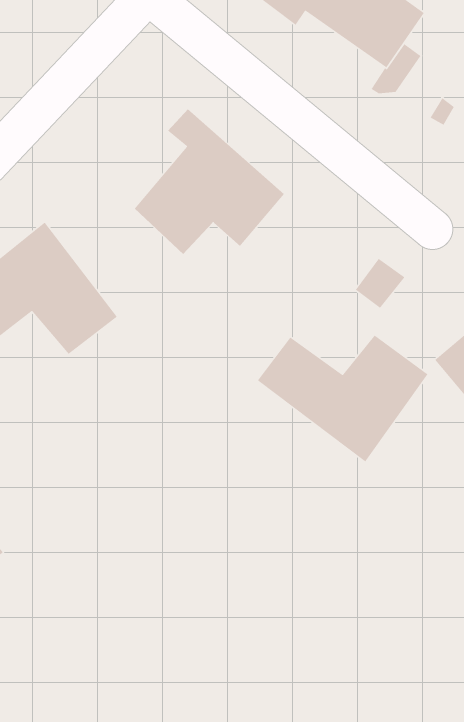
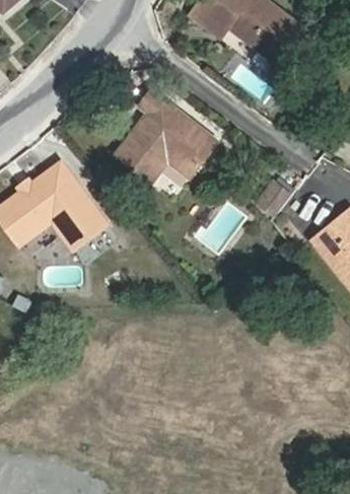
building: [257,335,428,463] -> none

